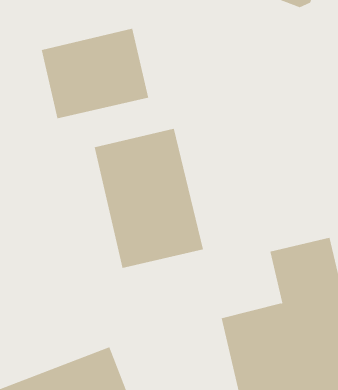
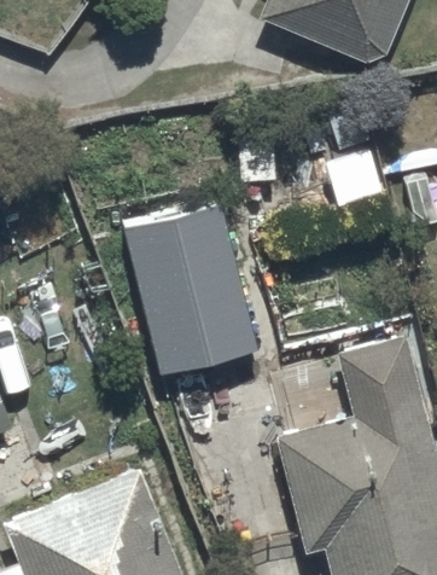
building: [41,28,149,119] -> none

